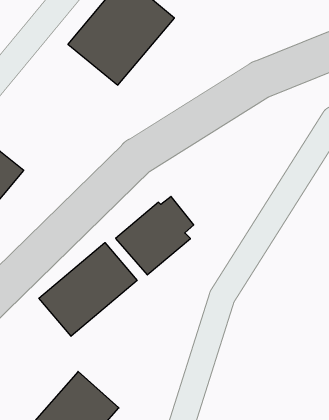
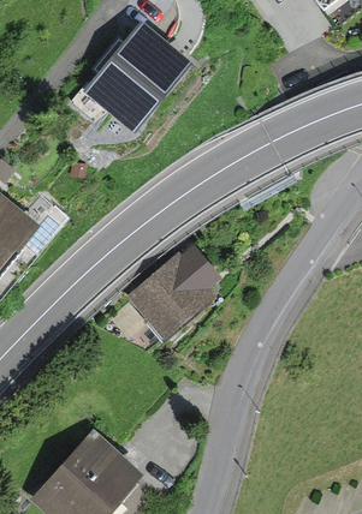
building: [39,243,137,336] -> none

